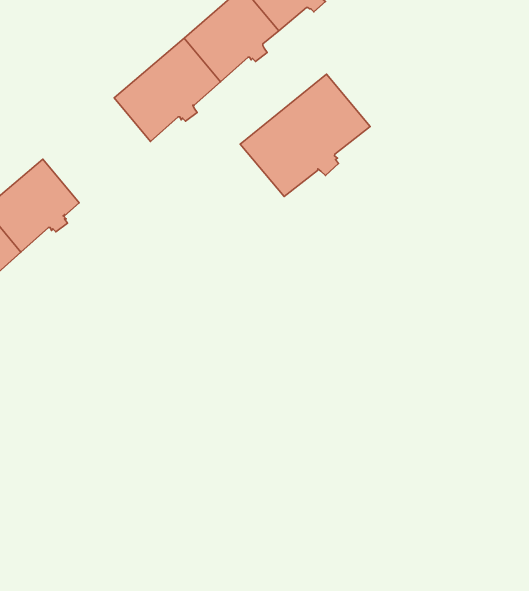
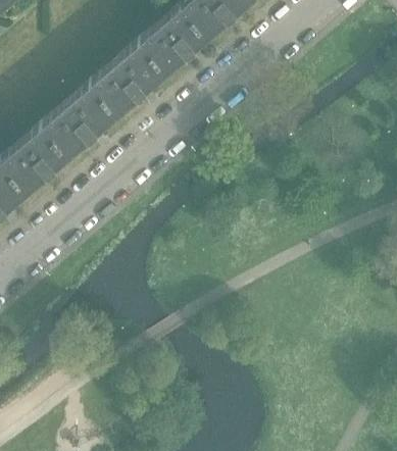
building: [240,74,370,197] -> none
building: none -> [41,86,116,159]

